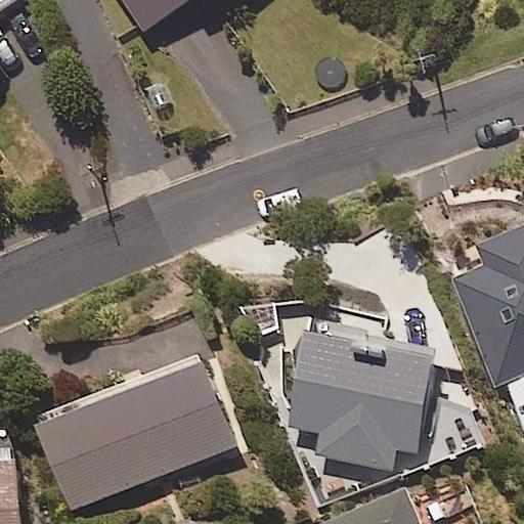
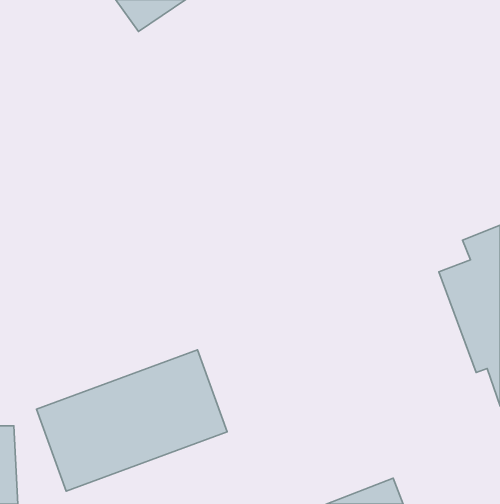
building: [288,328,436,472] -> none

